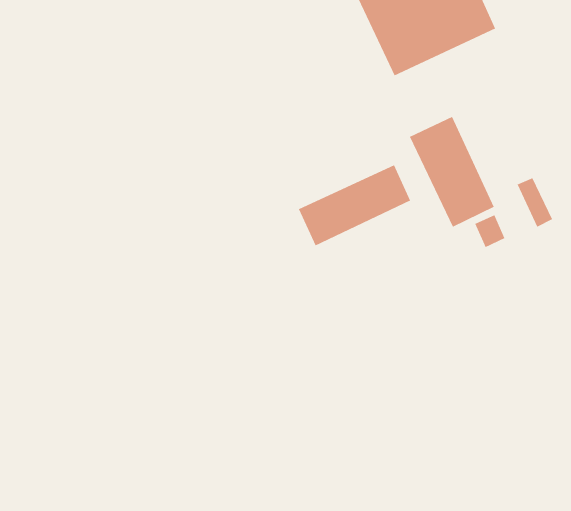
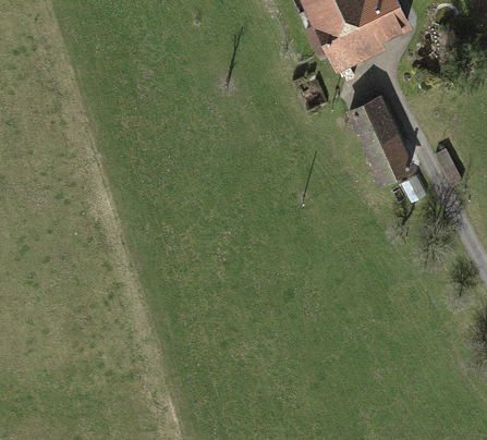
building: [298,164,411,246] -> none

